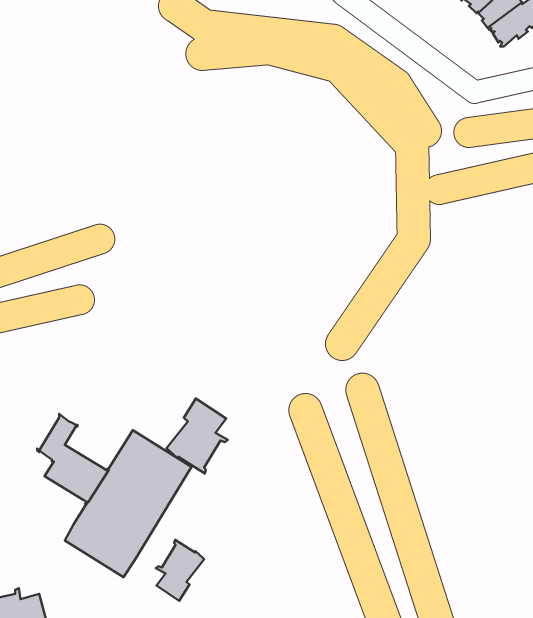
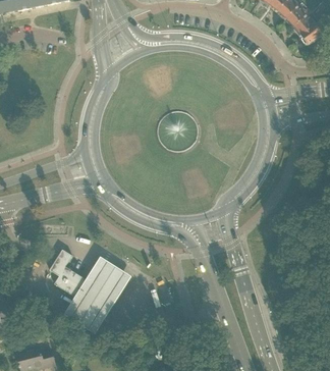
building: [167,399,228,473] -> none
building: [156,540,204,601] -> none

